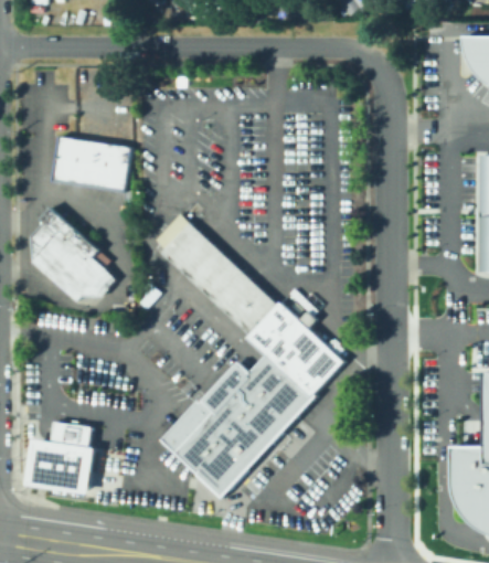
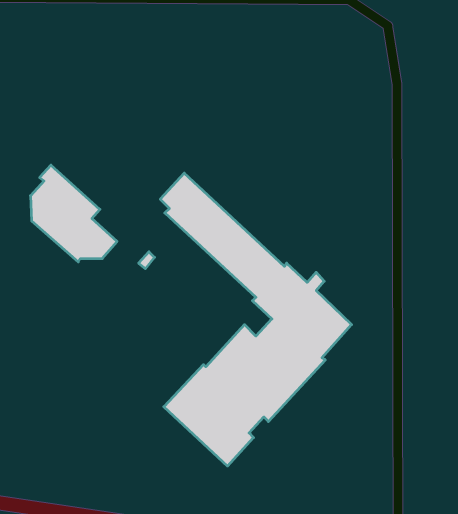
building: [51,134,129,190] -> none
building: [24,418,93,490] -> none

